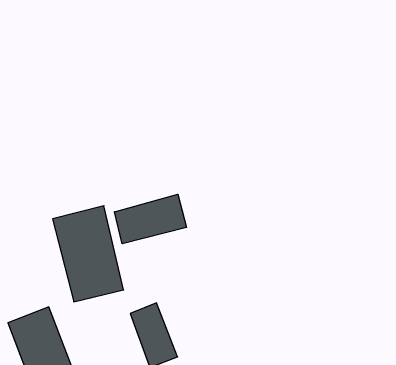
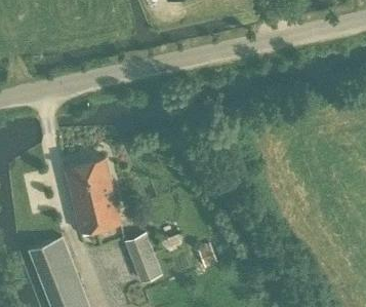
building: [114,194,186,244] -> none

